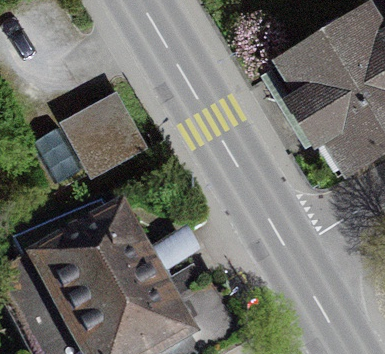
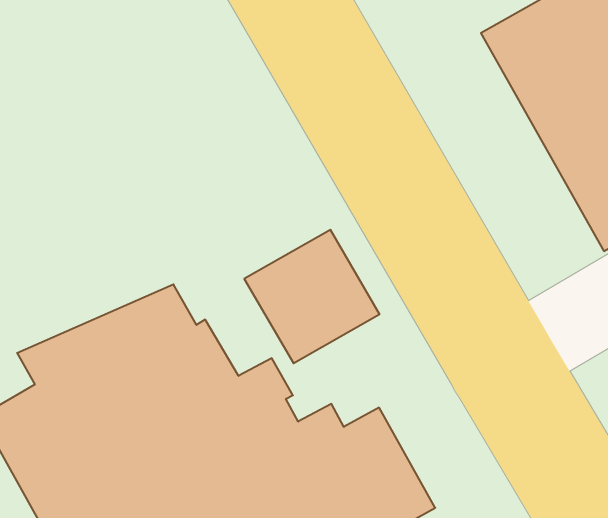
building: [59,94,136,170] -> [244,230,380,363]

